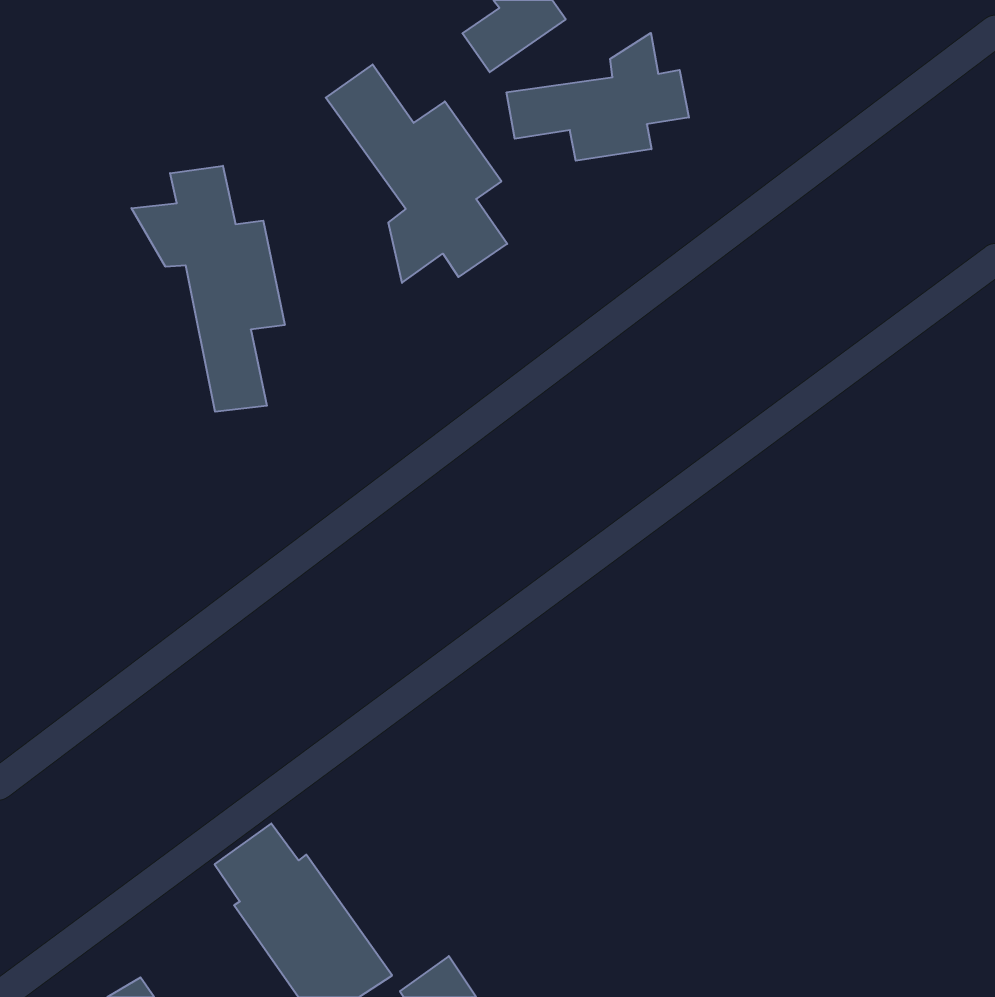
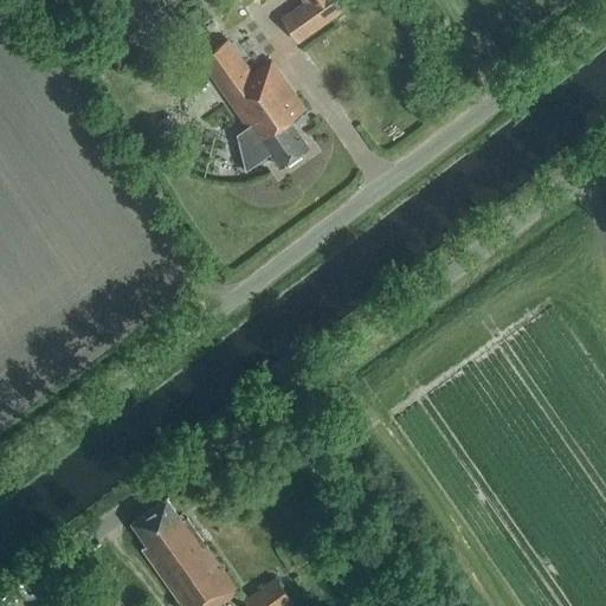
building: [507,33,689,161] -> none
building: [131,166,285,412] -> none

